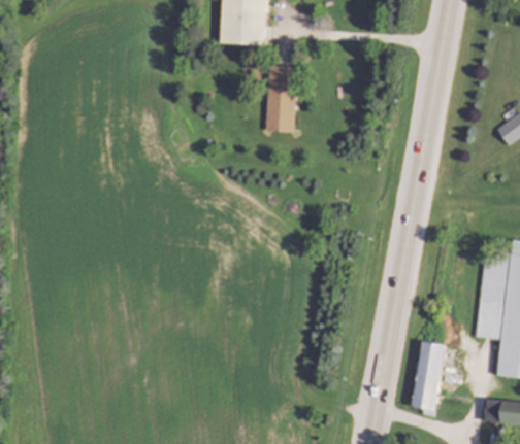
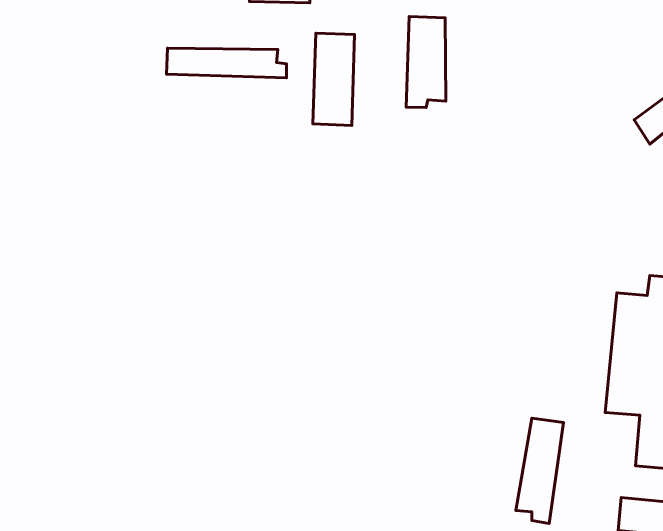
building: none -> [406,17,446,107]
building: none -> [166,48,286,78]

